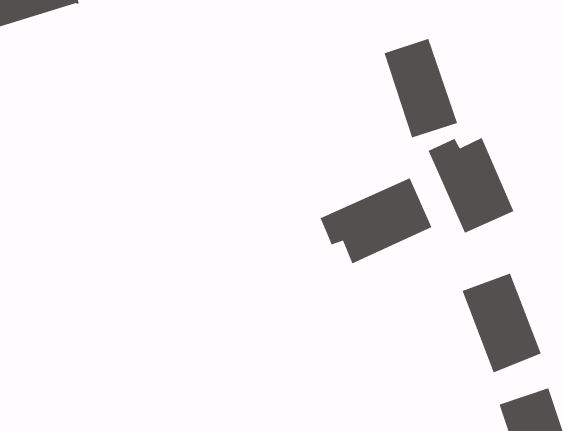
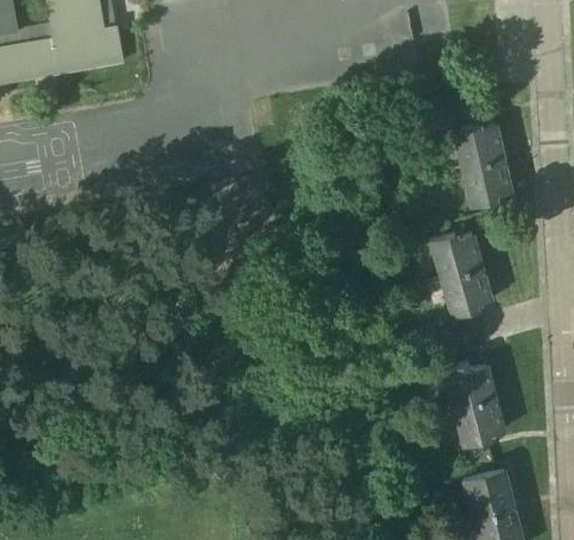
building: [383,38,458,139] -> [450,119,510,208]
building: [320,177,432,264] -> none

